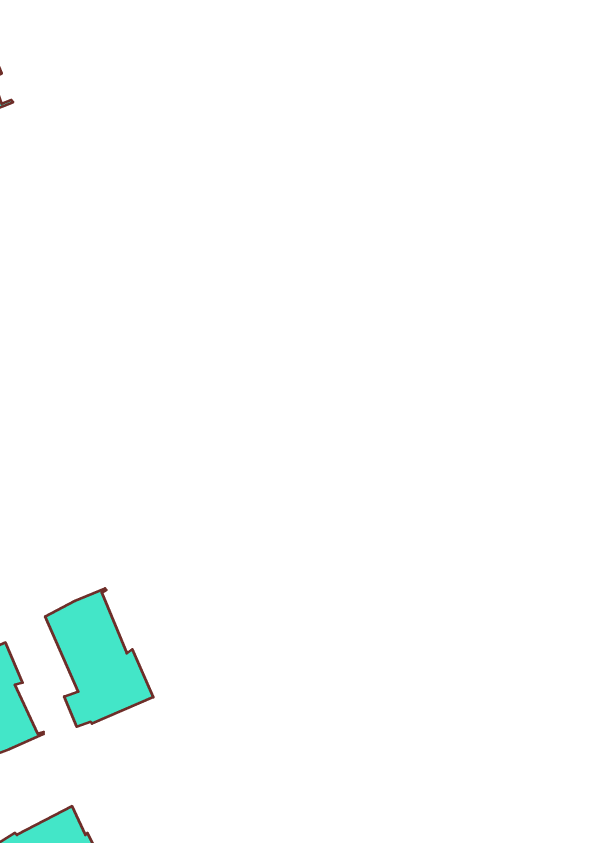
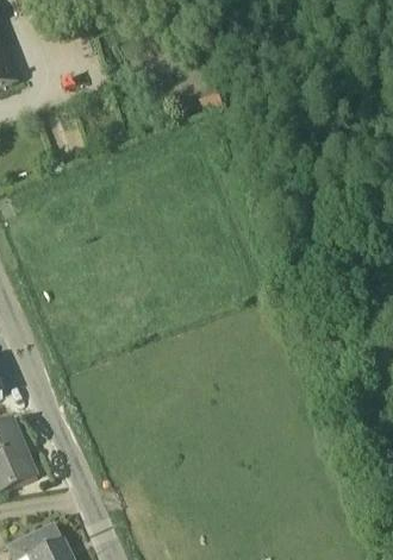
building: [45,588,153,727] -> none

